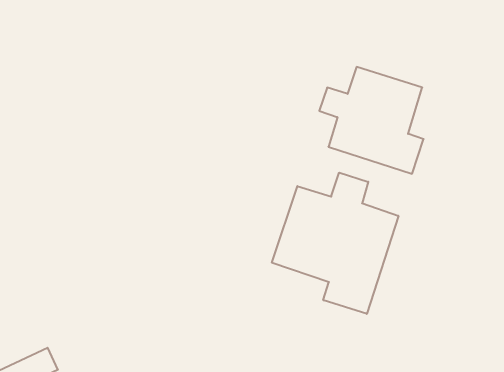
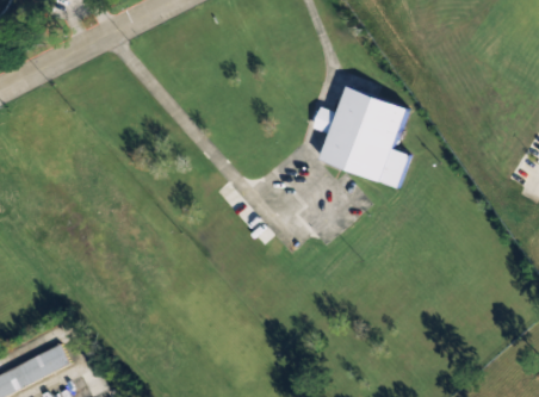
building: [272,173,398,314] -> none

